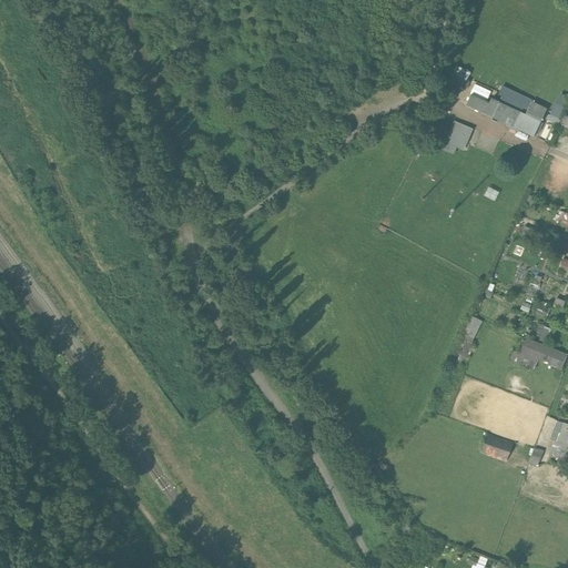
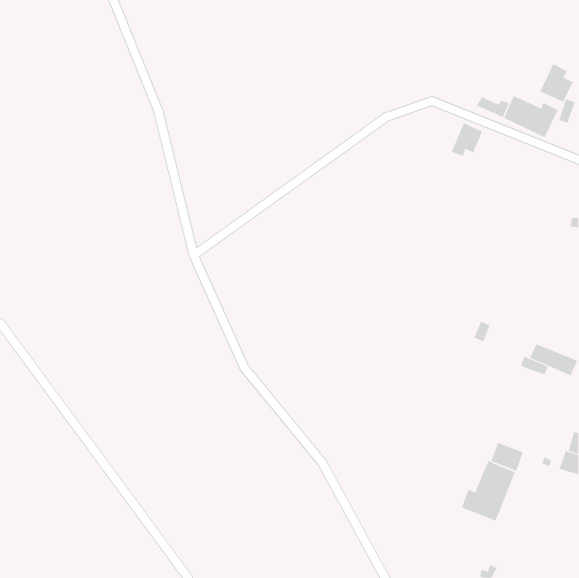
building: none -> [539,63,574,102]
building: none -> [461,460,515,522]

